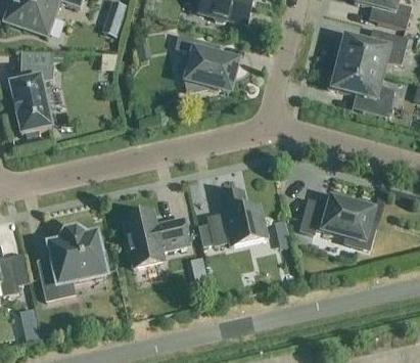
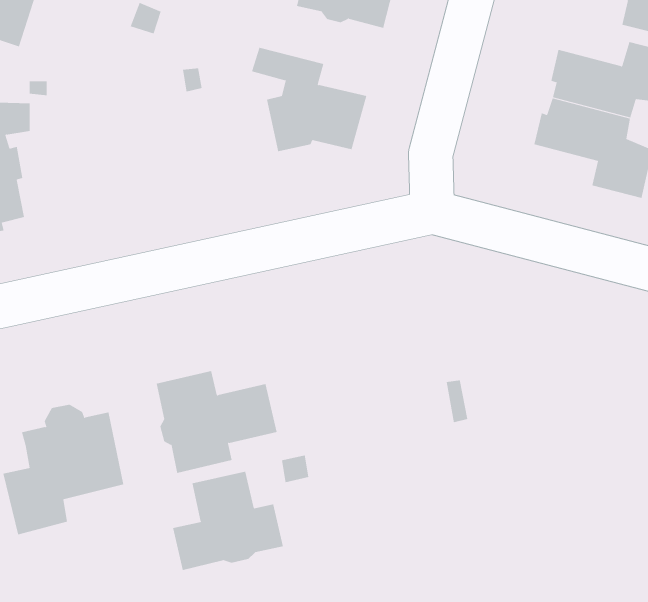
building: [207,189,266,243] -> none
building: [300,193,374,247] -> none
building: none -> [172,471,284,571]

